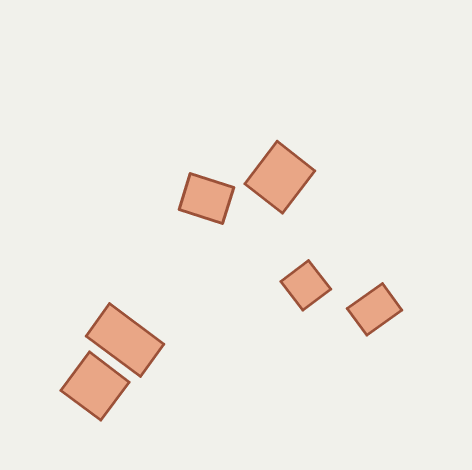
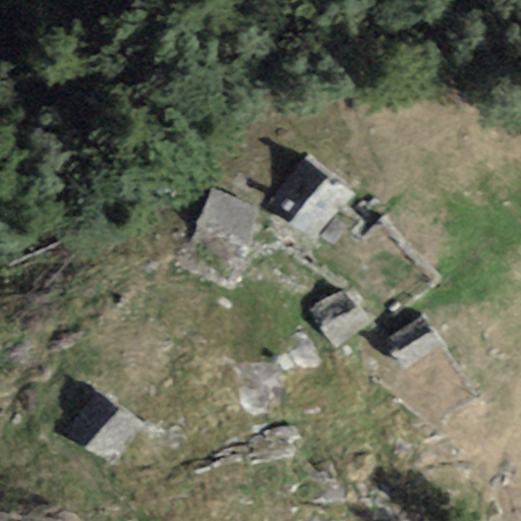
building: [86,304,164,376] -> none

